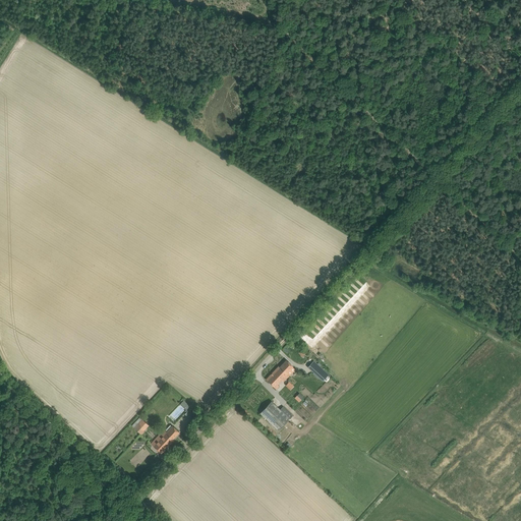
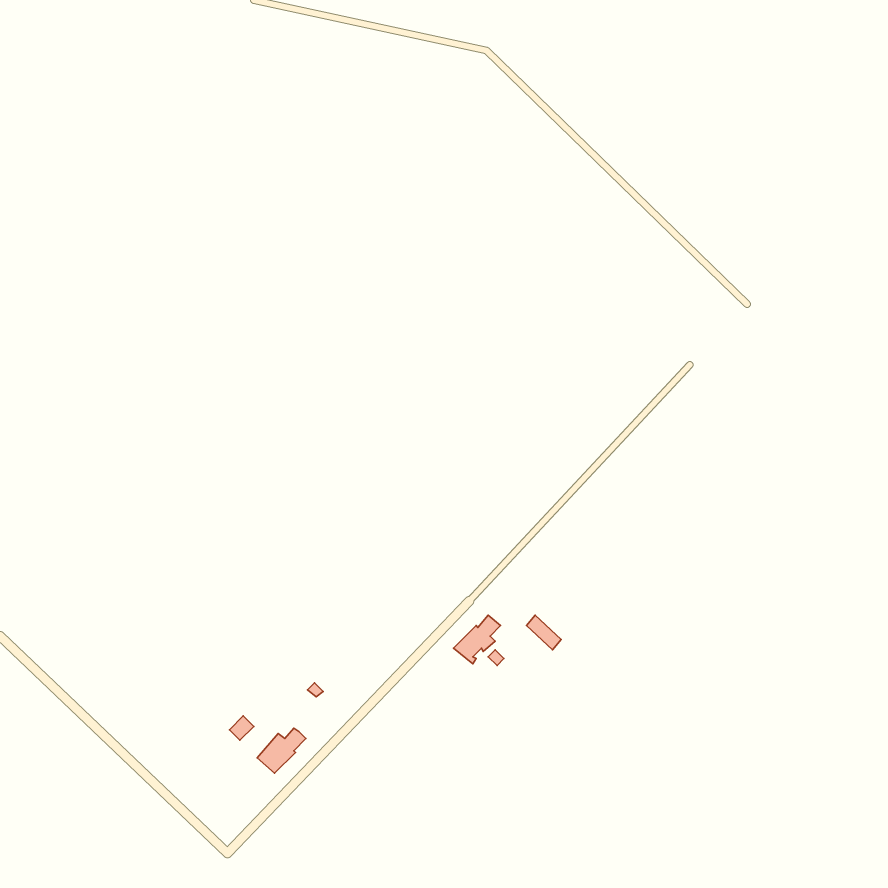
building: [260,401,290,430] -> none

